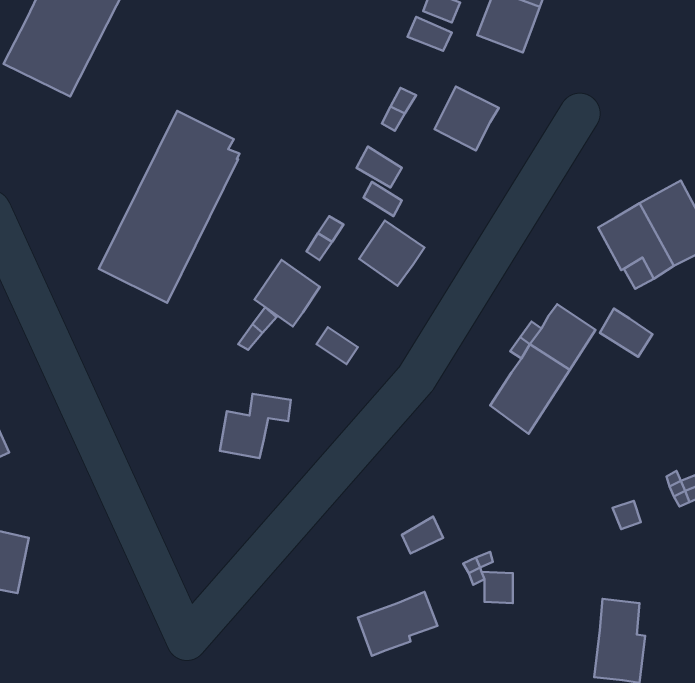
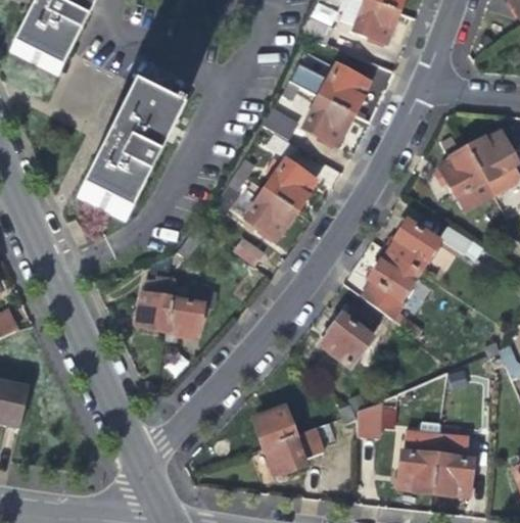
building: none -> [303,96,349,141]
building: [255,260,320,327] -> [246,189,293,237]
building: none -> [137,276,175,327]
building: none -> [320,306,377,366]
building: none -> [254,399,301,446]
building: none -> [399,429,440,489]

